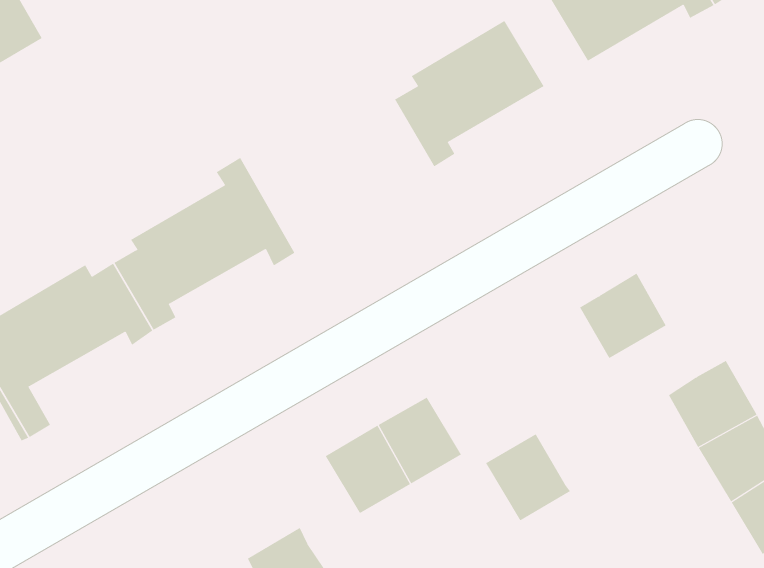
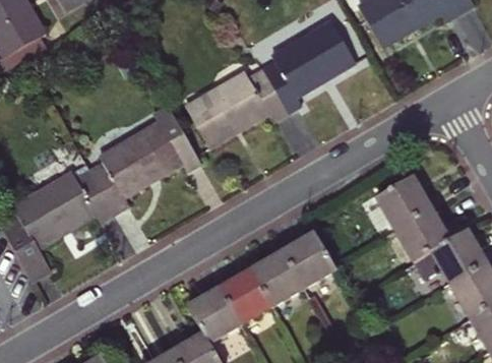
building: none -> [185,69,287,146]
building: none -> [394,208,448,261]
building: [485,433,571,521] -> [283,234,335,288]
building: none -> [189,289,241,343]

